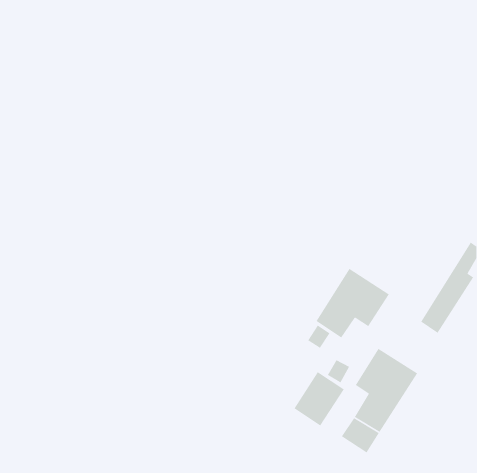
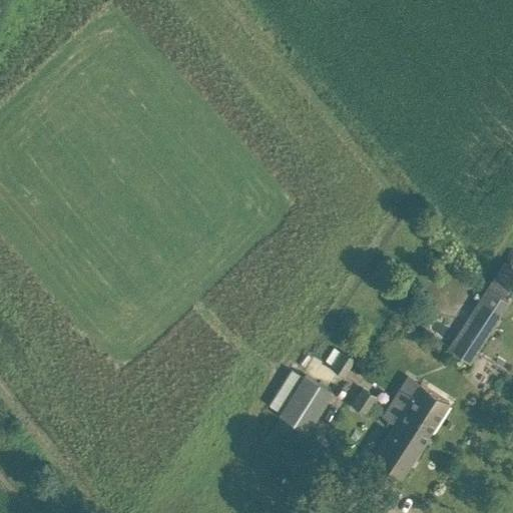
building: [316,268,390,339] -> none
building: [293,371,345,426] -> [278,376,333,435]

